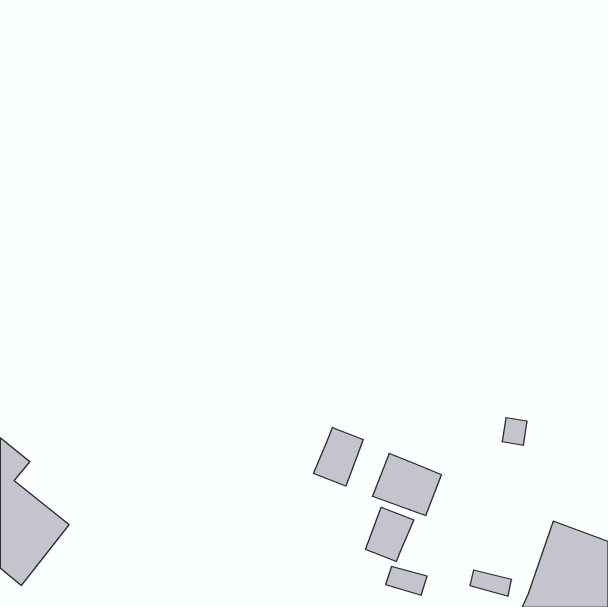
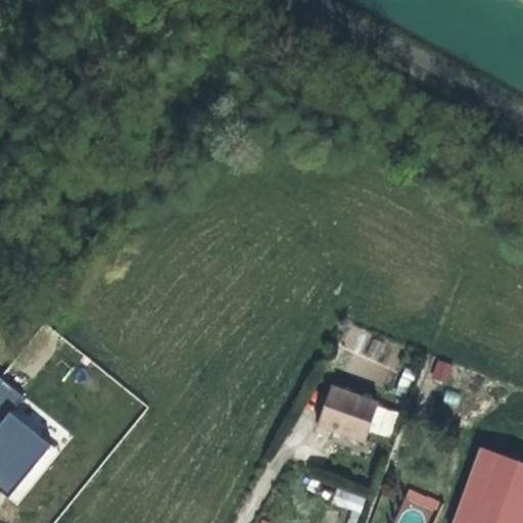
building: [313,427,363,486] -> none
building: [366,507,414,562] -> none

